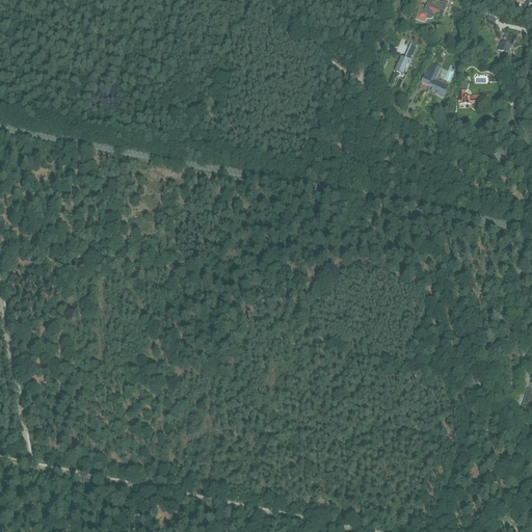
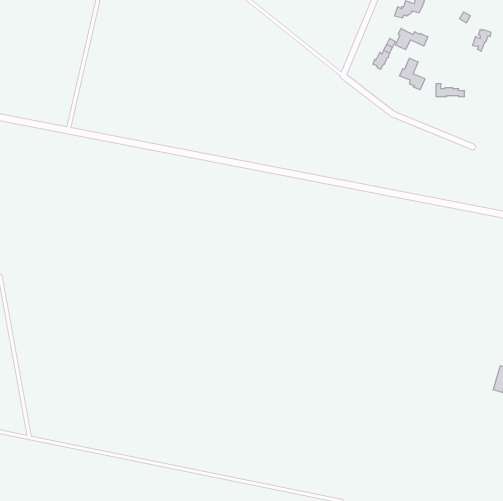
building: none -> [396,28,428,50]

